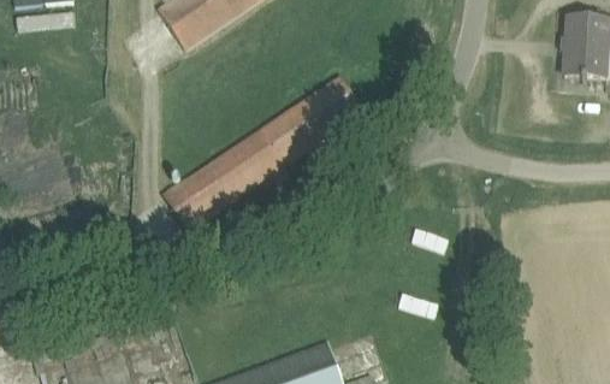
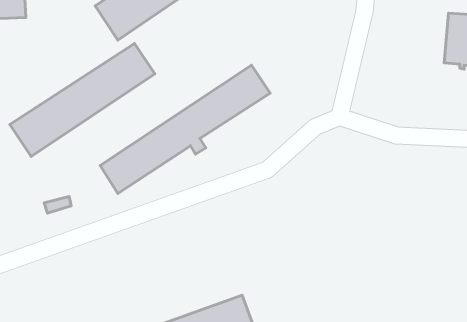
building: none -> [10,43,155,157]

